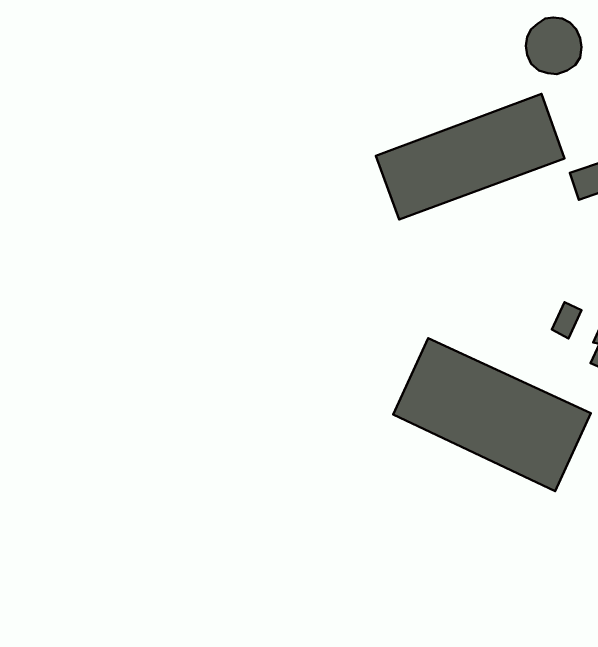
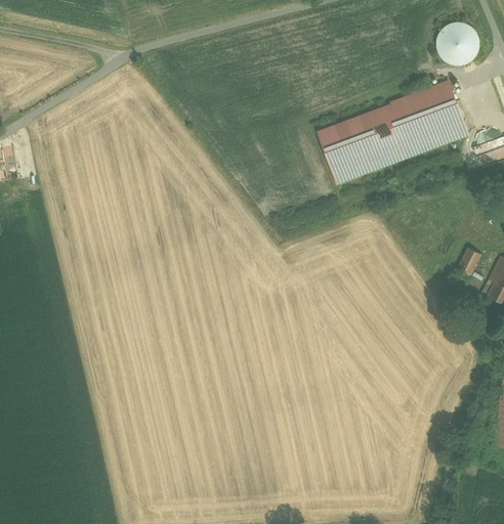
building: [393,338,591,491] -> none

